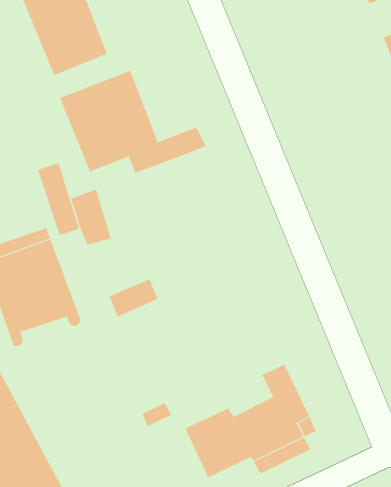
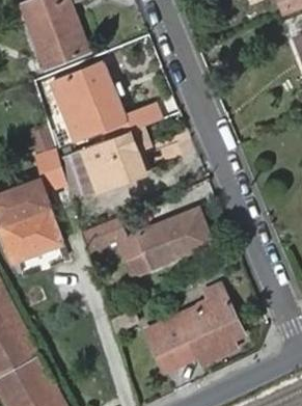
building: none -> [82,127,153,191]
building: none -> [125,211,212,273]

